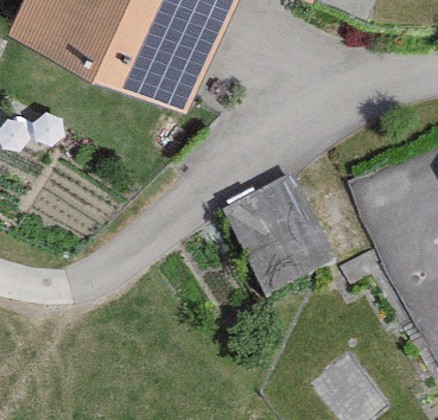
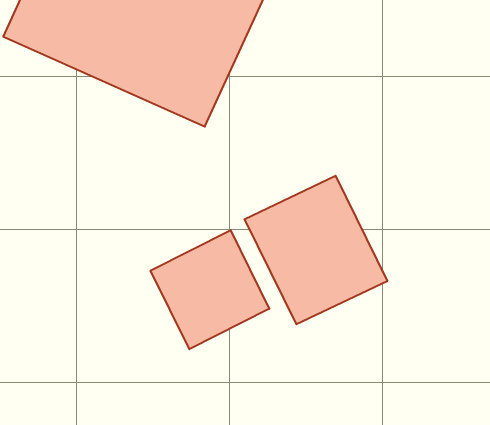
building: none -> [151,230,269,349]

